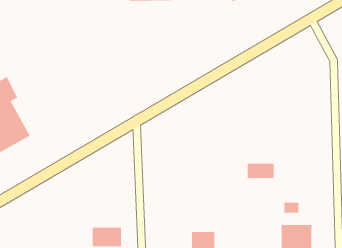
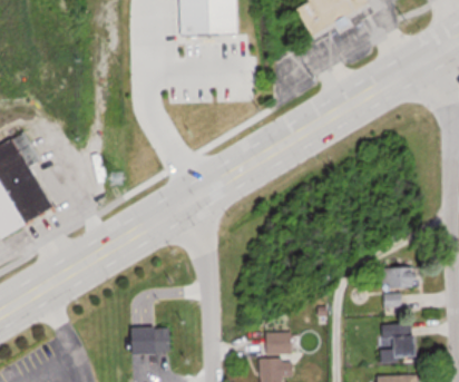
building: [247,163,275,179] -> [381,268,417,288]

